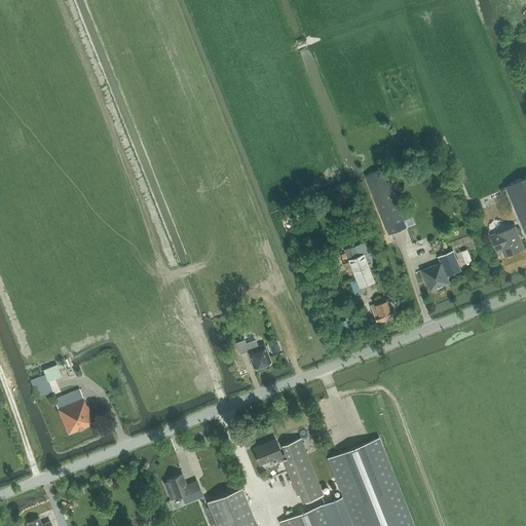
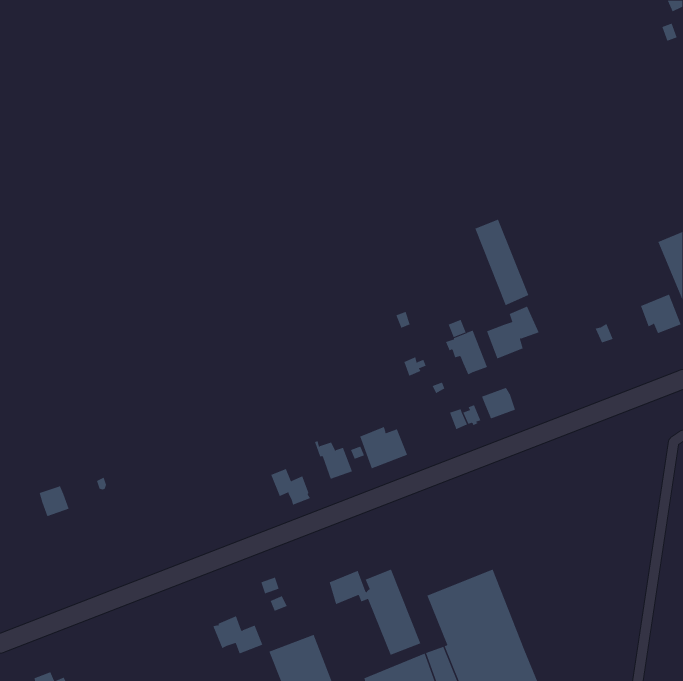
building: [420,252,461,293] -> [486,306,540,359]
building: none -> [359,426,408,469]
building: none -> [271,468,311,506]
building: [53,389,95,436] -> none

